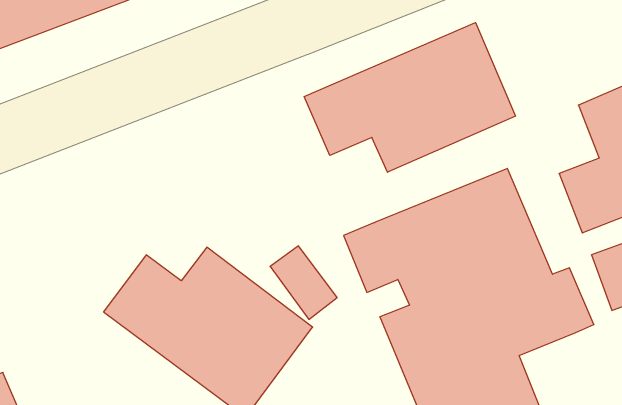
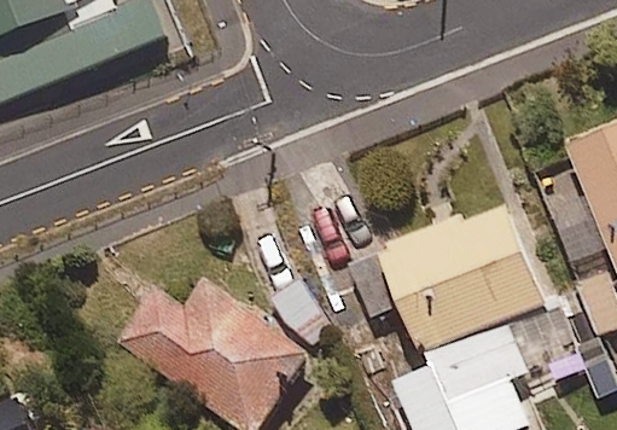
building: [304,23,516,172] -> none

